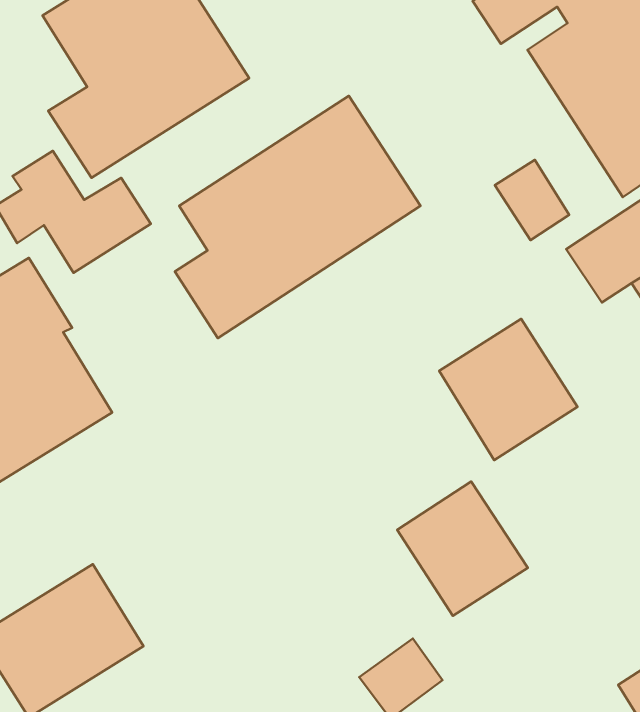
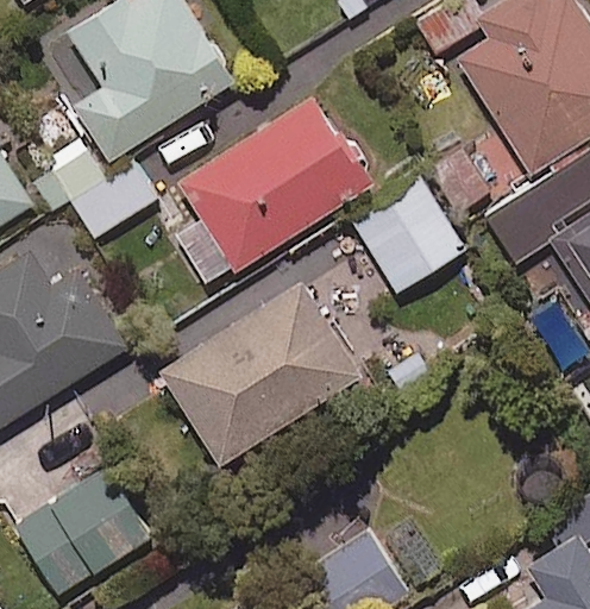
building: [439,319,578,460] -> [353,178,464,291]
building: none -> [159,280,364,470]
building: [397,482,528,616] -> none

